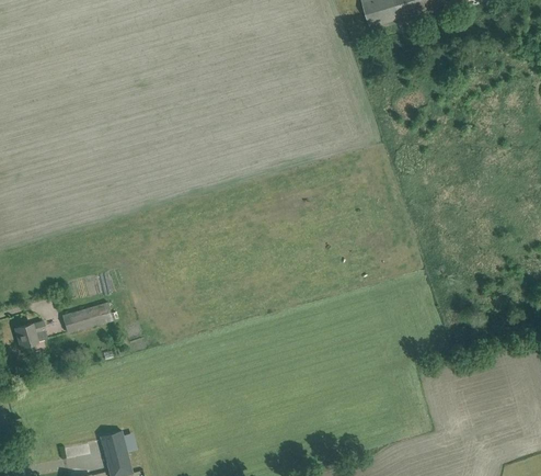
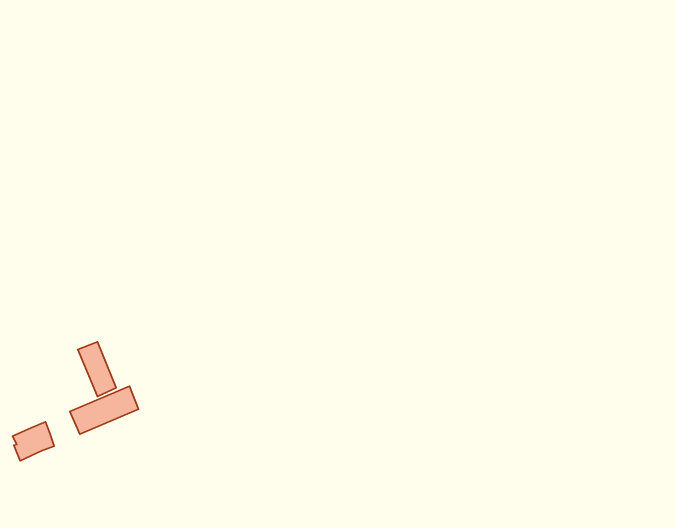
building: none -> [78,342,116,397]

